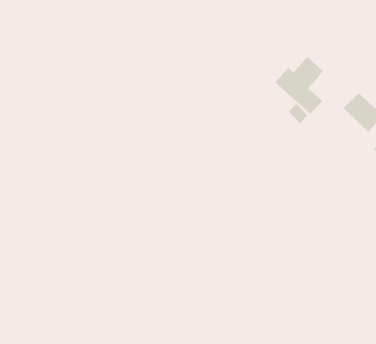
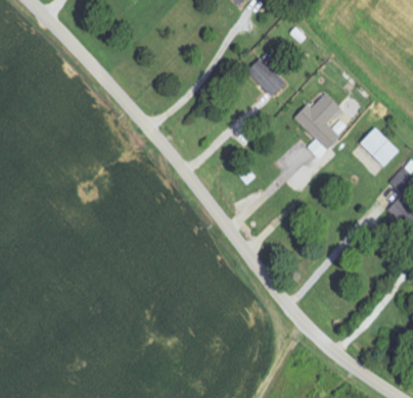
building: none -> [245,57,284,96]

